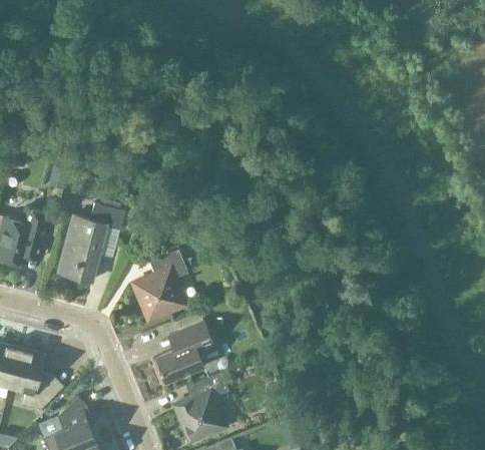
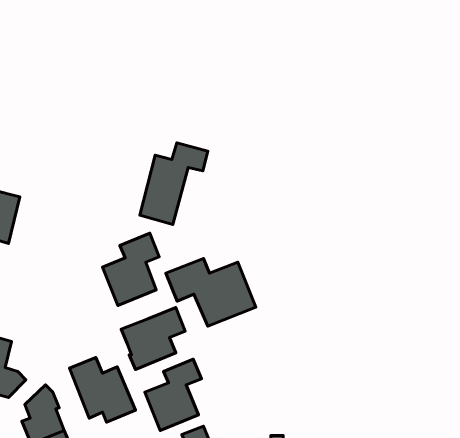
building: [58,202,124,282] -> [140,143,208,224]
building: none -> [166,258,256,326]
building: none -> [70,358,136,422]

